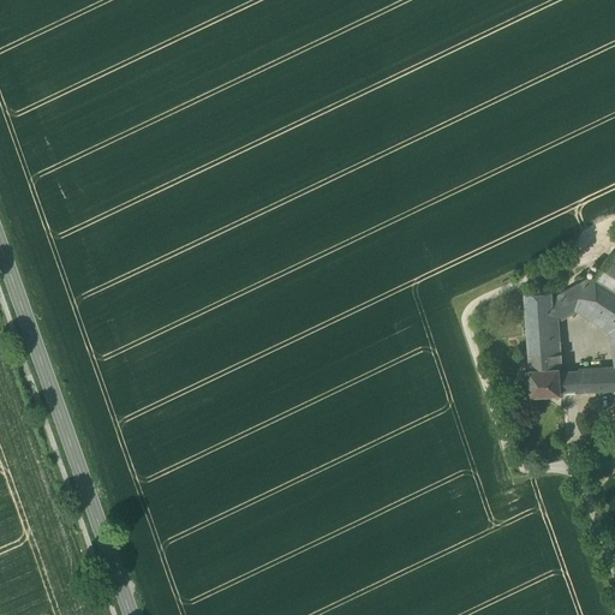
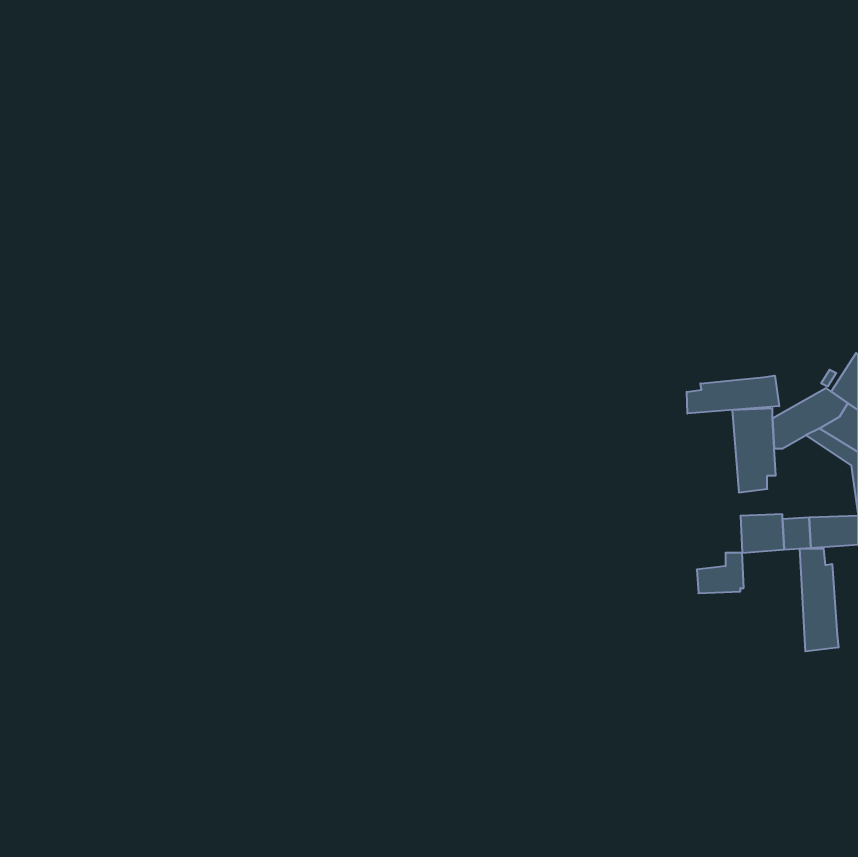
building: none -> [687,376,779,414]
building: [529,341,562,370] -> [697,553,744,593]
building: none -> [800,548,838,651]

